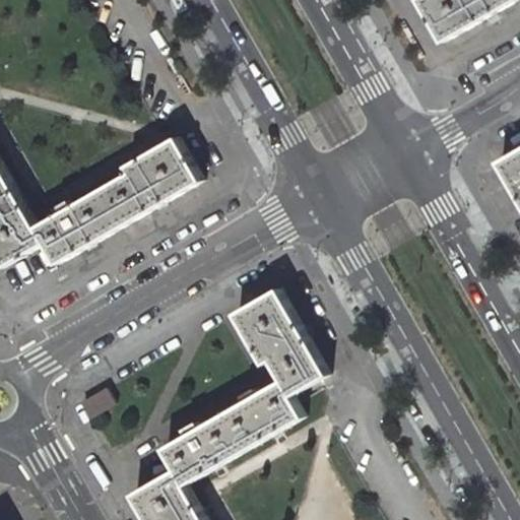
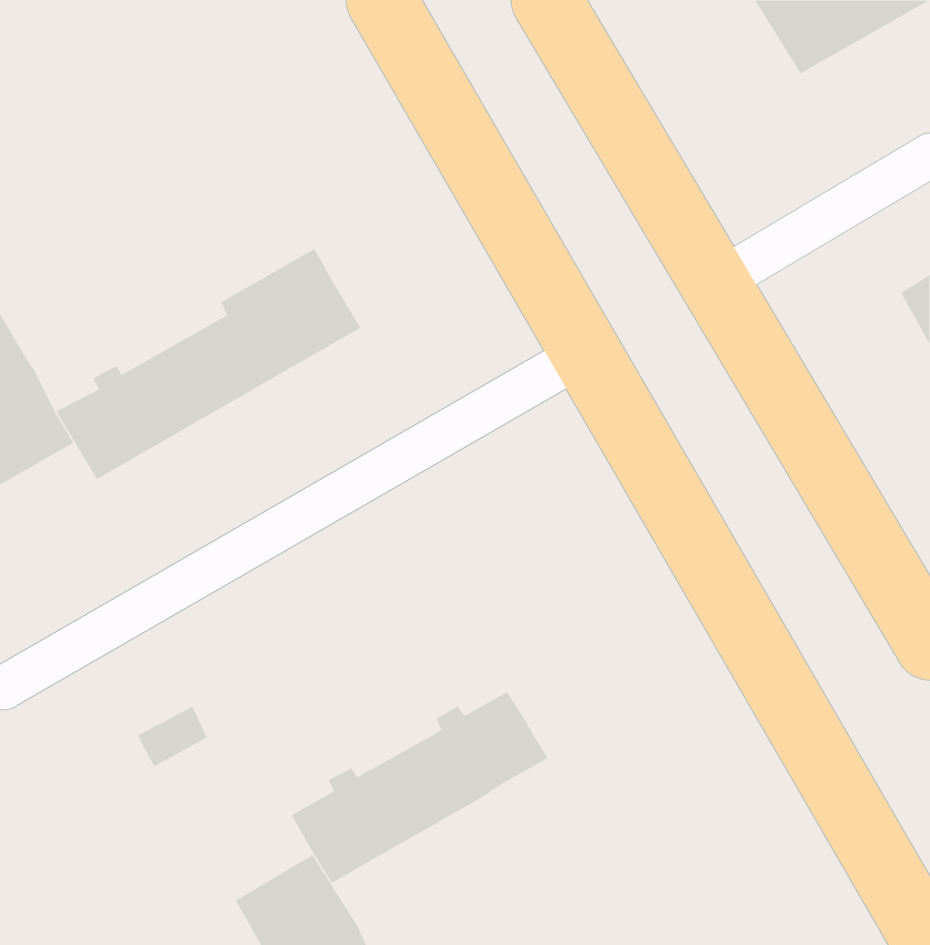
building: [231,288,325,396] -> none

